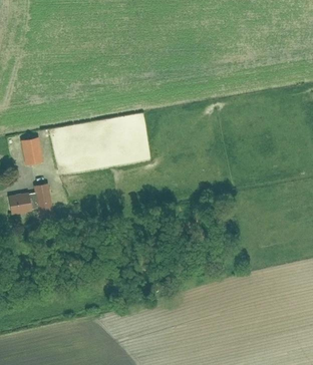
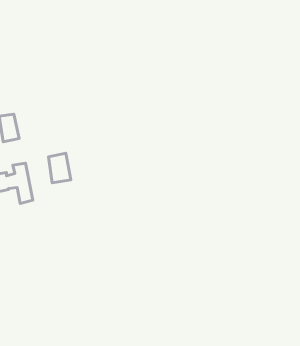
building: none -> [48,153,71,183]

